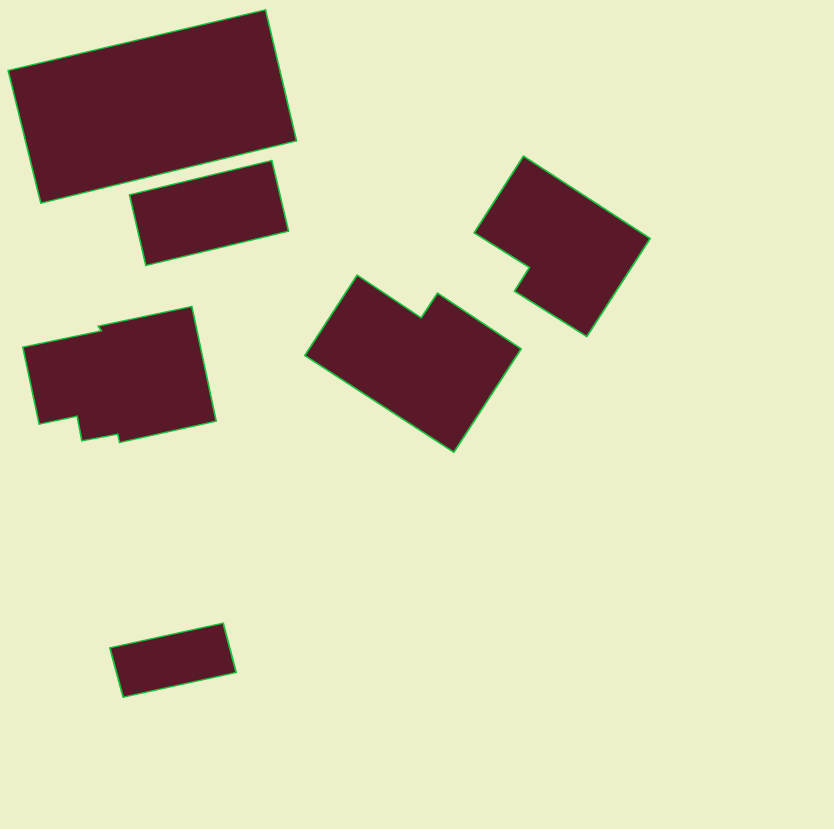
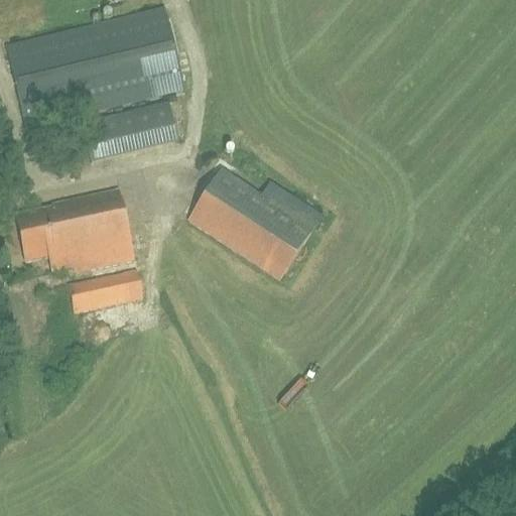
building: [474,156,650,337] -> none
building: [110,623,236,697] -> [68,267,145,312]

